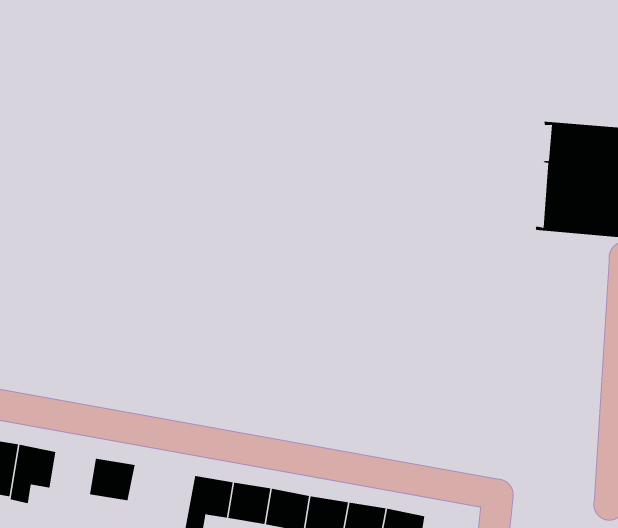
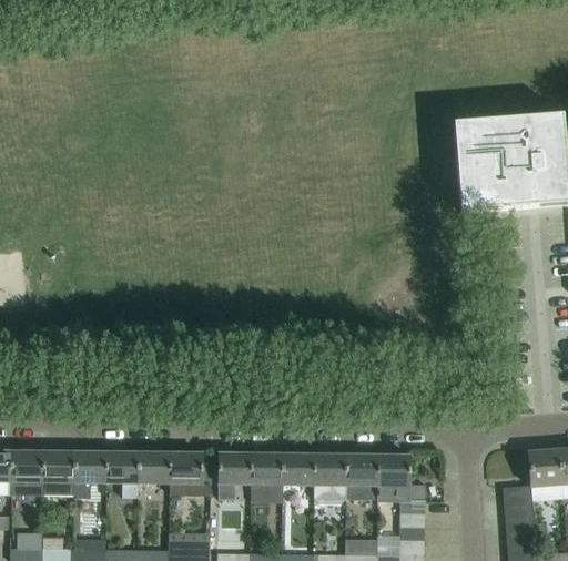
building: none -> [105,452,138,496]
building: none -> [170,452,203,483]

